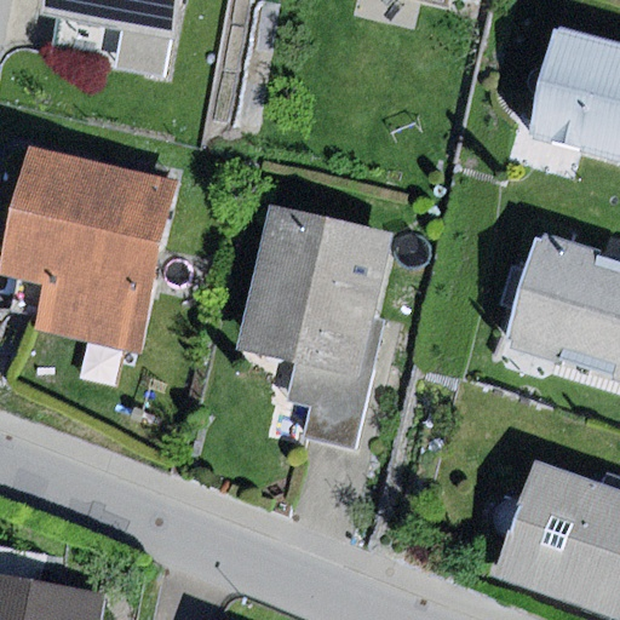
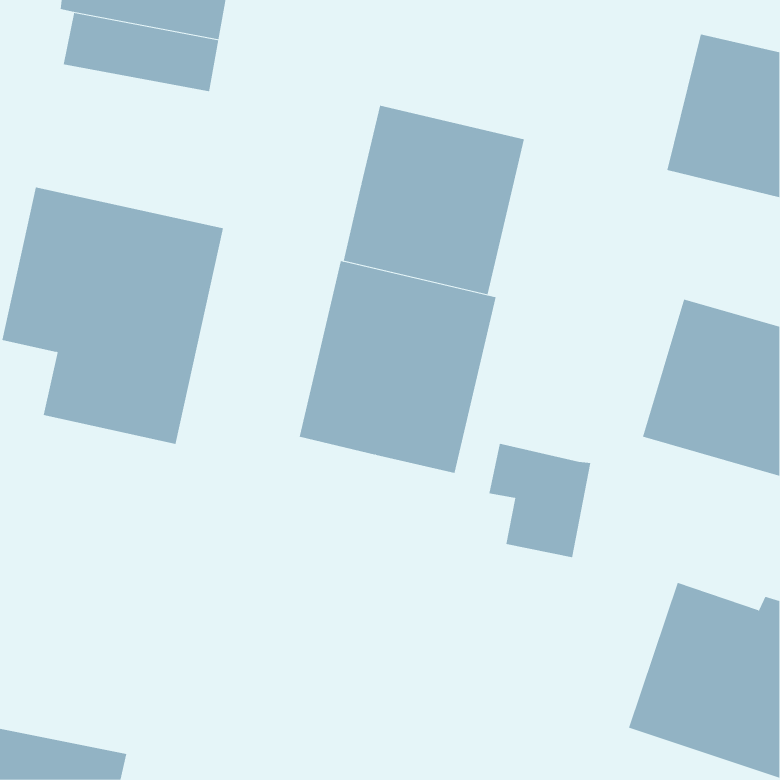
building: none -> [343,105,524,295]
building: [288,360,369,450] -> [489,443,591,558]

